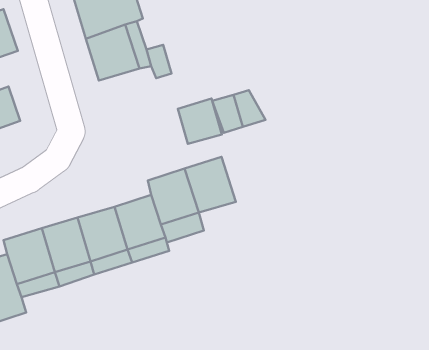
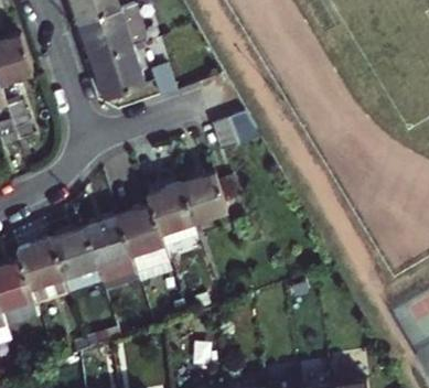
building: [178,99,222,144] -> none

